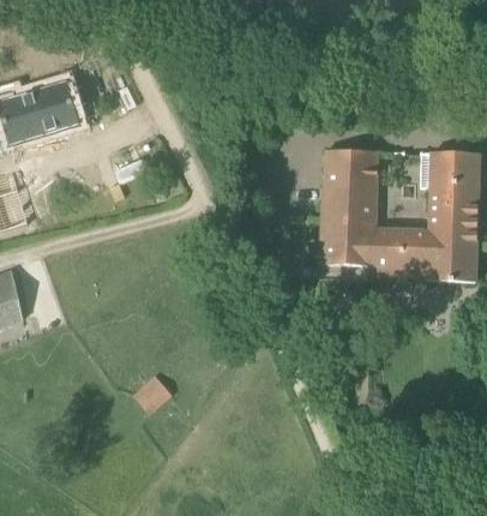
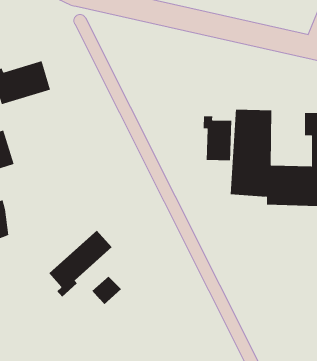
building: none -> [203,116,232,161]
building: none -> [49,230,112,298]

